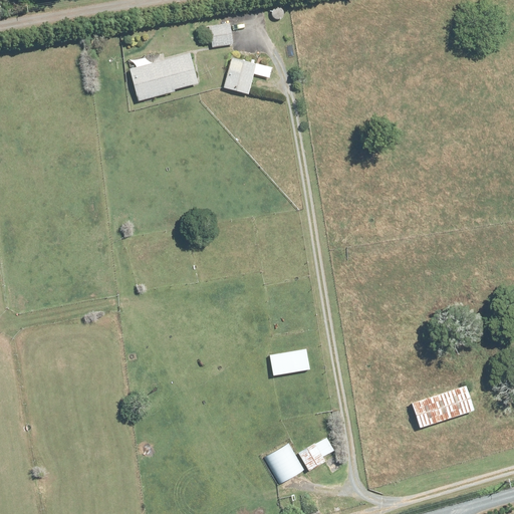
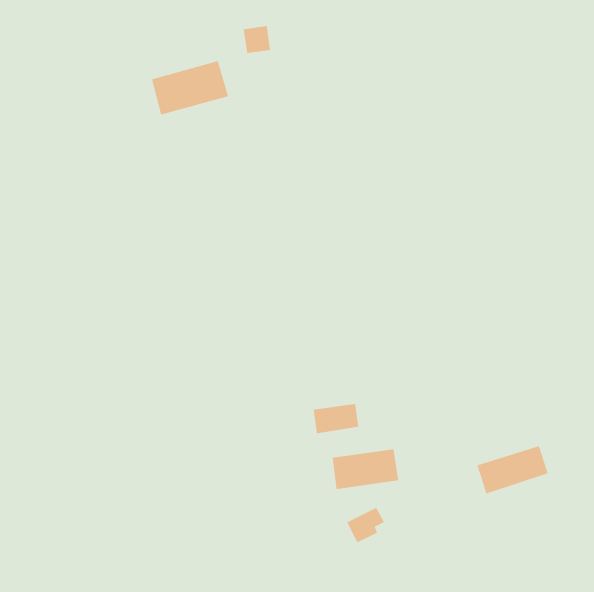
building: [225,58,272,93] -> none
building: none -> [332,448,399,490]
building: [265,443,304,483] -> none

